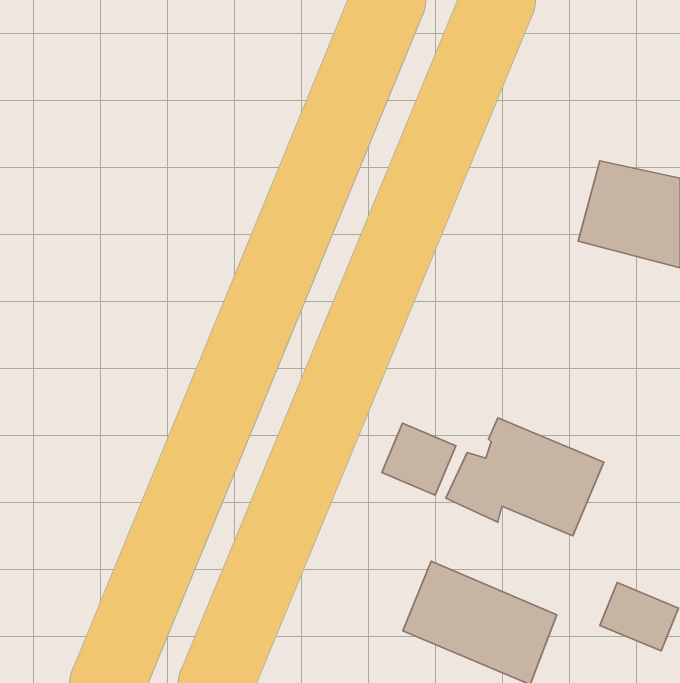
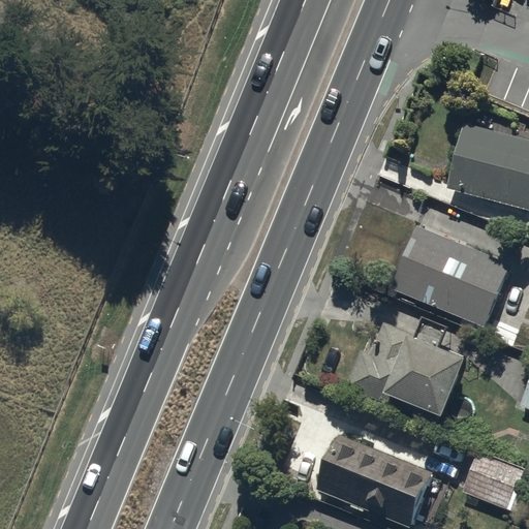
building: none -> [392,224,511,328]
building: [382,423,456,495] -> none

